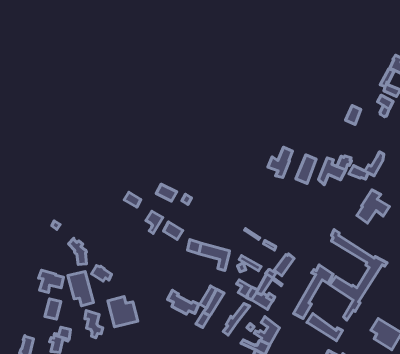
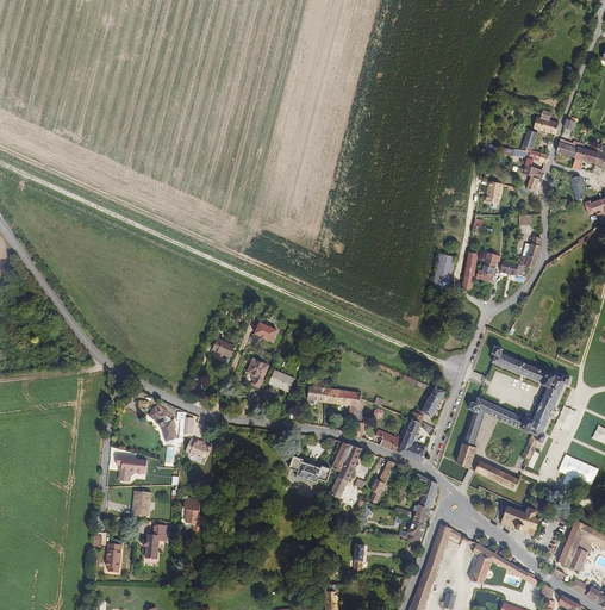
building: [268,147,292,178] -> none
building: [357,190,390,223] -> none
building: [68,271,94,306] -> none
building: [108,297,138,327] -> none

